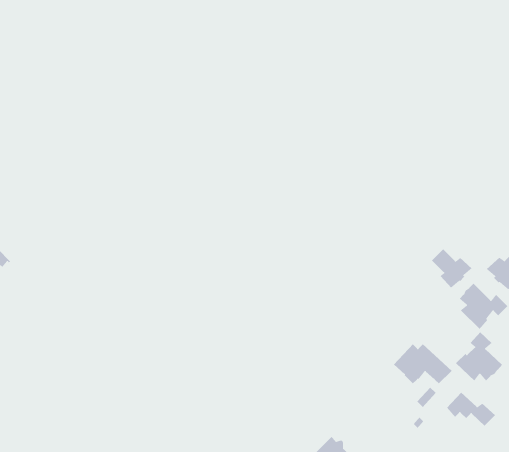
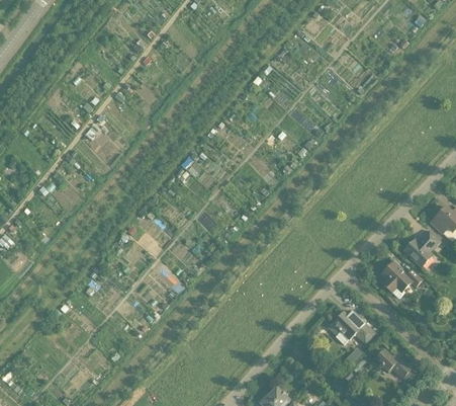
building: [431,249,472,289] -> none
building: [455,332,503,382] -> none

